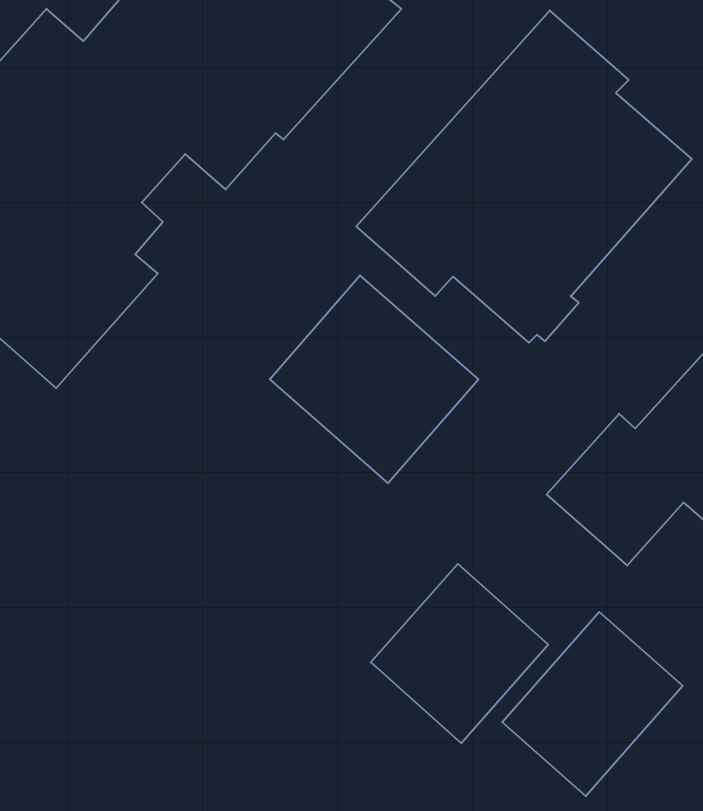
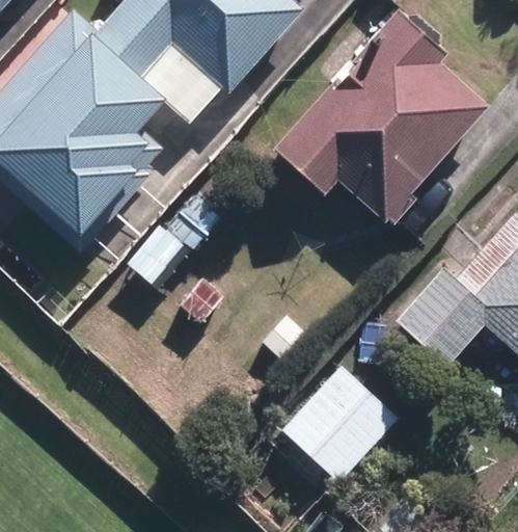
building: [270,275,478,483] -> none
building: [502,612,683,796] -> none

